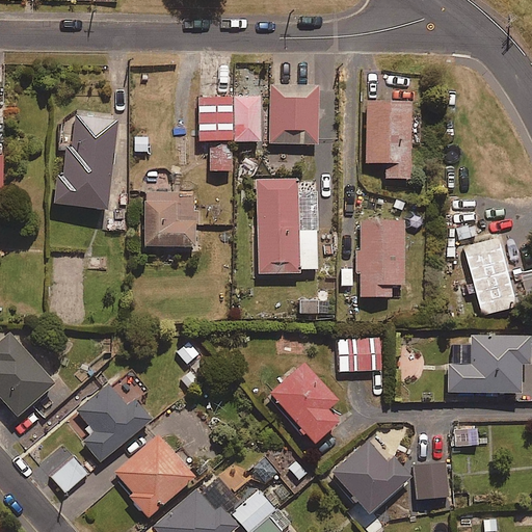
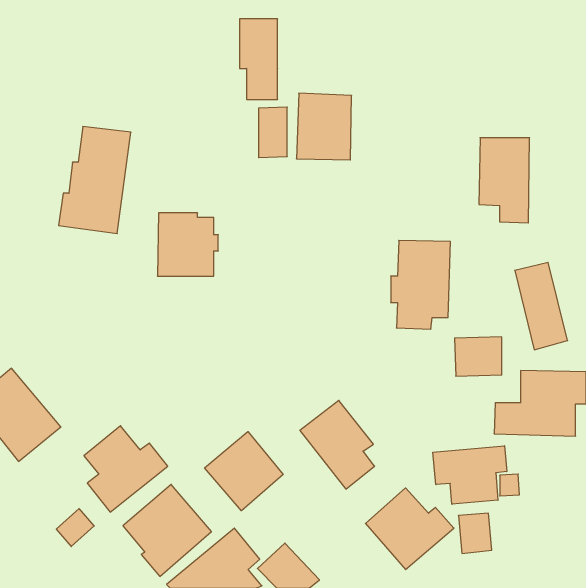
building: [200,98,234,170] -> [240,19,278,99]
building: [366,100,411,177] -> [479,138,530,223]
building: [256,180,315,275] -> none
building: [338,337,380,372] -> [455,337,502,376]
building: none -> [205,432,283,511]
building: none -> [433,446,507,504]

